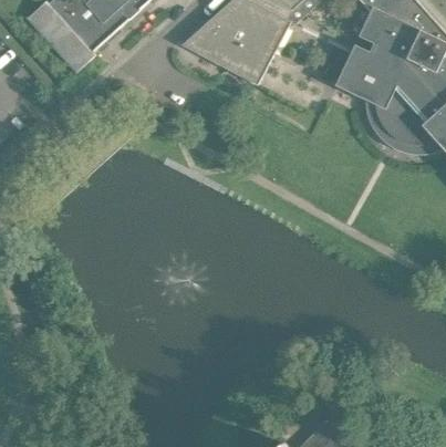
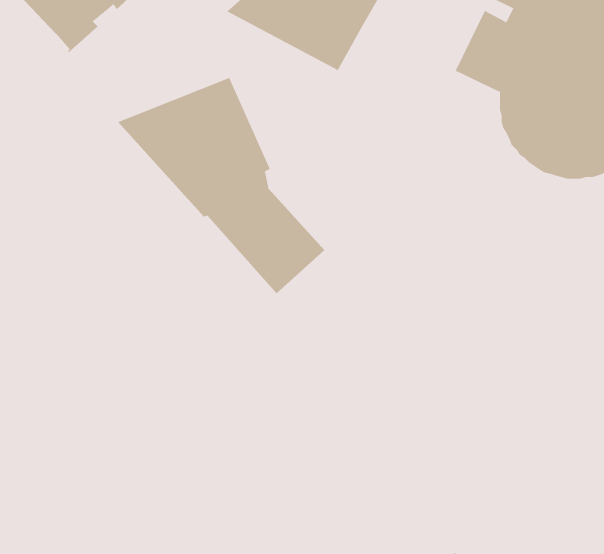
building: none -> [117,77,325,294]

